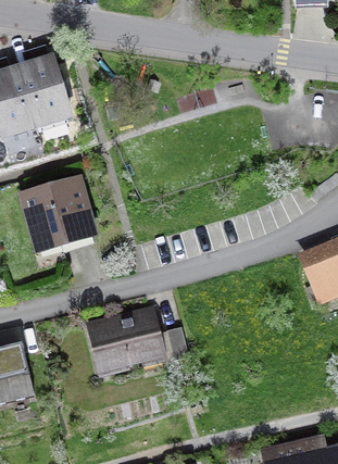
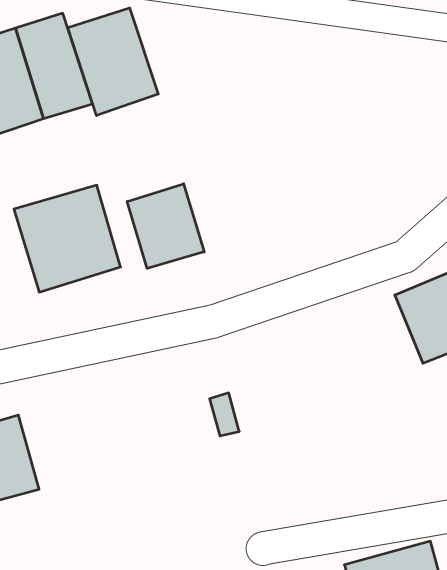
building: none -> [68,8,158,116]
building: none -> [127,184,204,268]
building: [83,304,163,376] -> none

